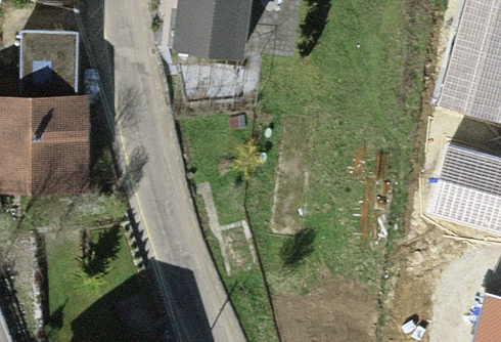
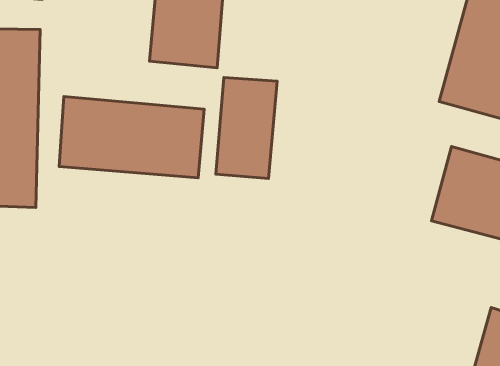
building: none -> [216,78,277,178]
building: none -> [59,97,204,178]

